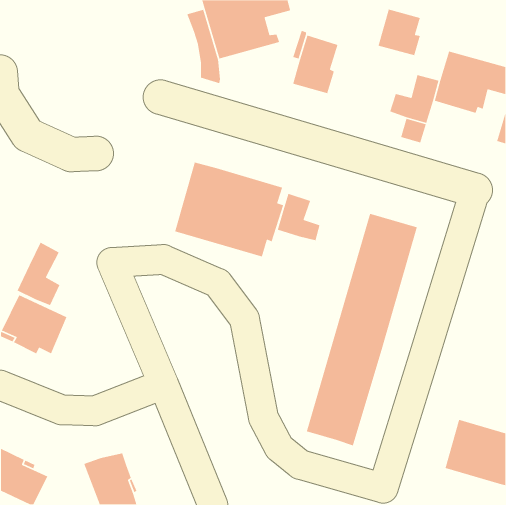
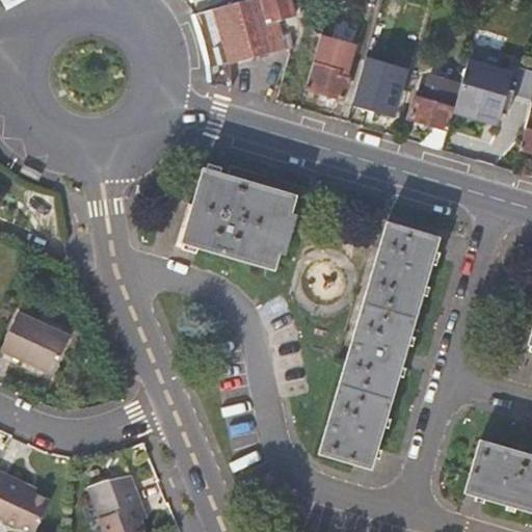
building: [377,9,421,56] -> [353,63,399,113]
building: [277,193,321,241] -> none
building: [17,242,60,306] -> none

